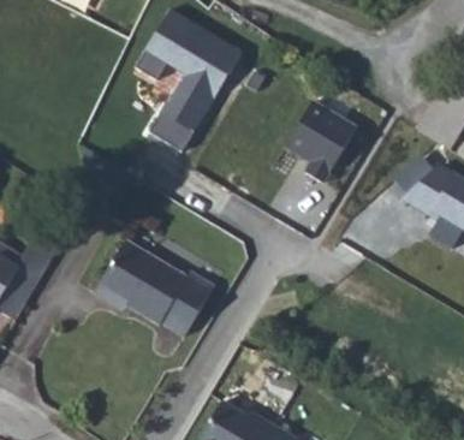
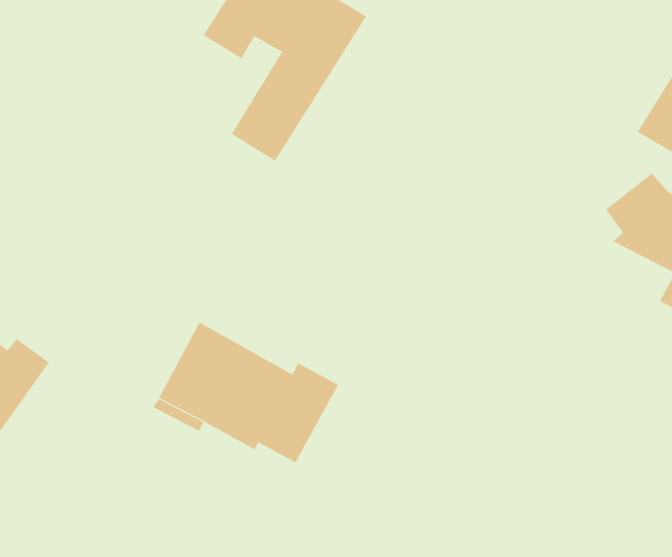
building: [285,100,355,180] -> none

